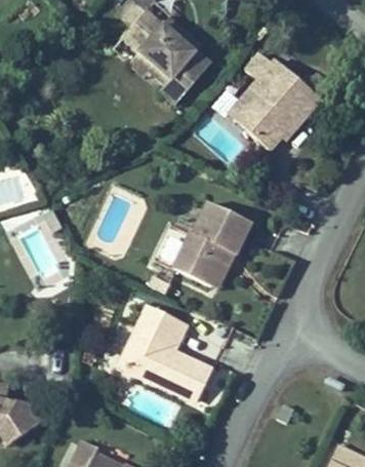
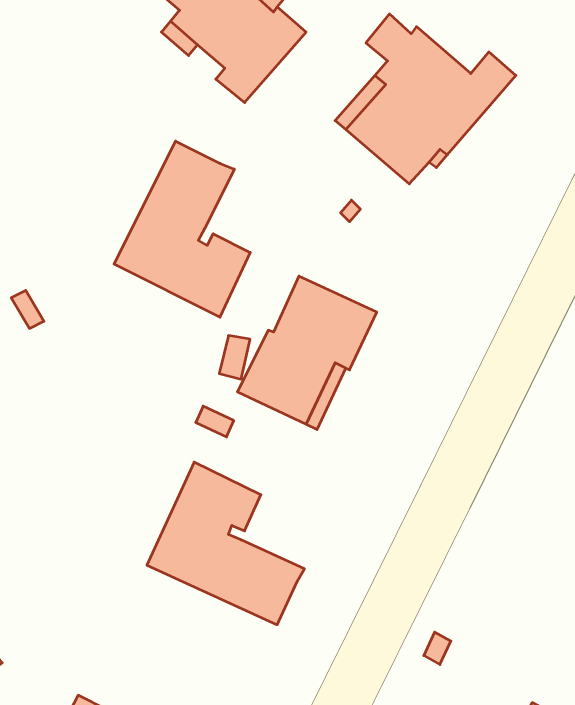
building: none -> [114,141,250,317]

